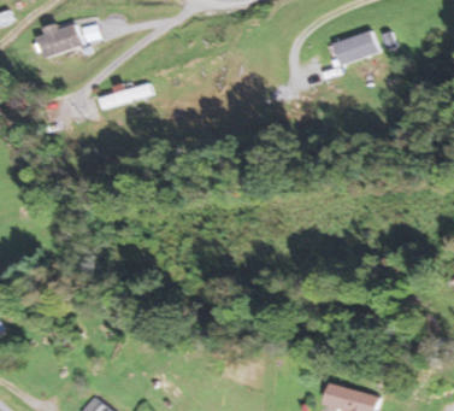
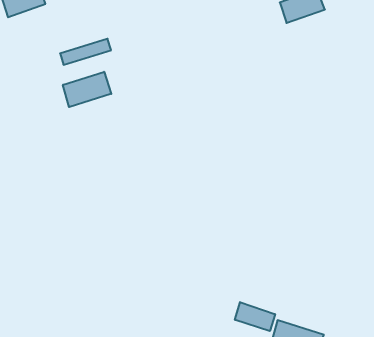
building: none -> [63,72,111,107]
building: none -> [235,302,275,331]

